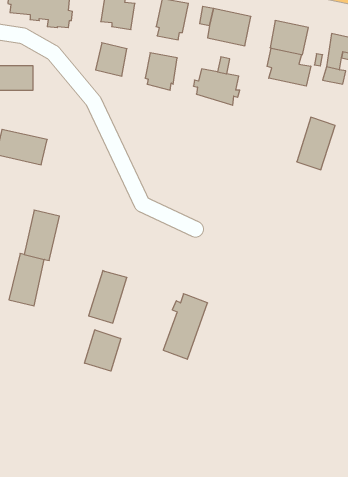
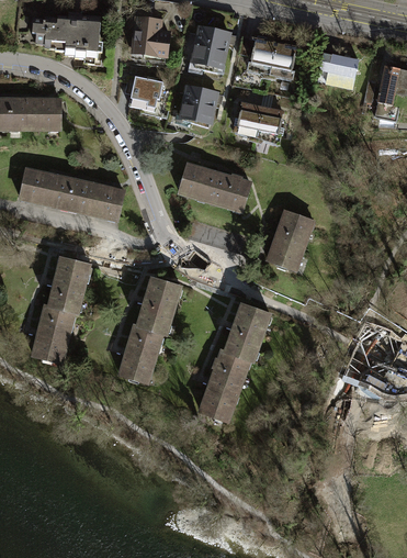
building: [267,48,311,86] -> none
building: [297,117,335,170] -> [269,211,310,268]
building: none -> [178,164,249,210]
building: none -> [68,180,124,219]
building: none -> [137,277,180,333]
building: none -> [226,303,269,359]
building: [85,330,121,371] -> none

